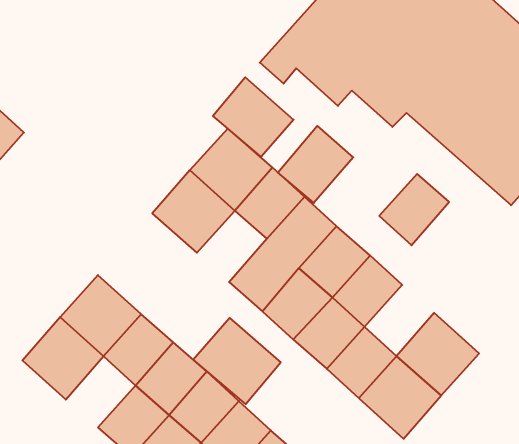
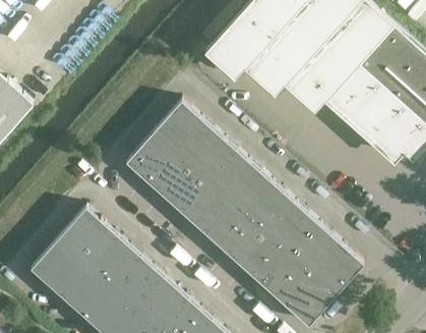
building: [213,77,294,157] -> none
building: [278,126,353,203] -> none
building: [379,174,449,245] -> [281,215,331,267]
building: none -> [159,161,209,213]
building: [193,318,281,404] -> none
building: none -> [63,267,114,319]

